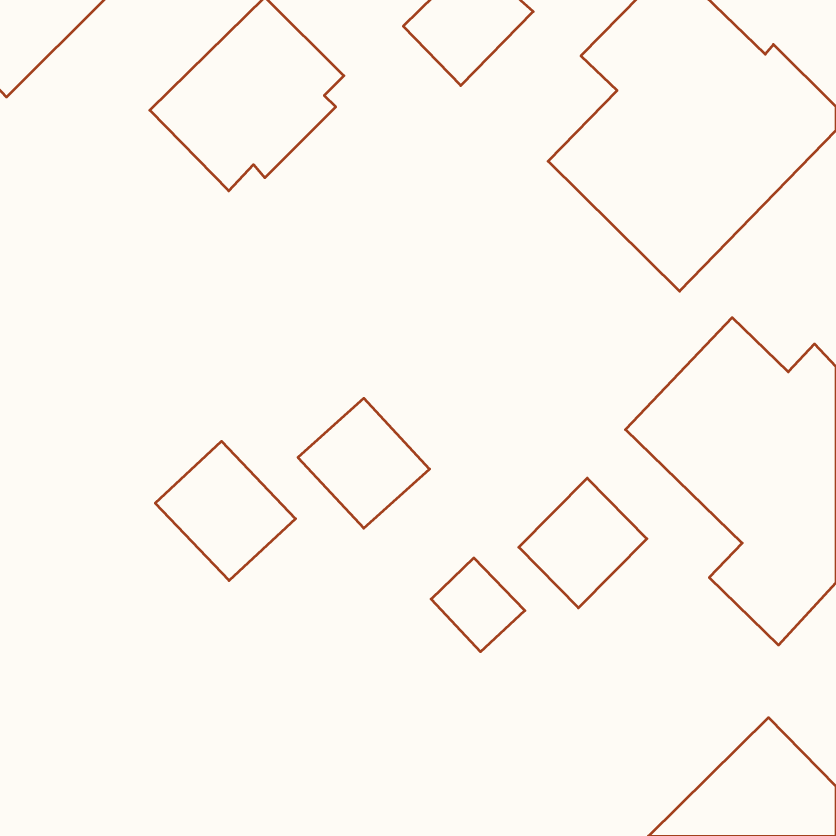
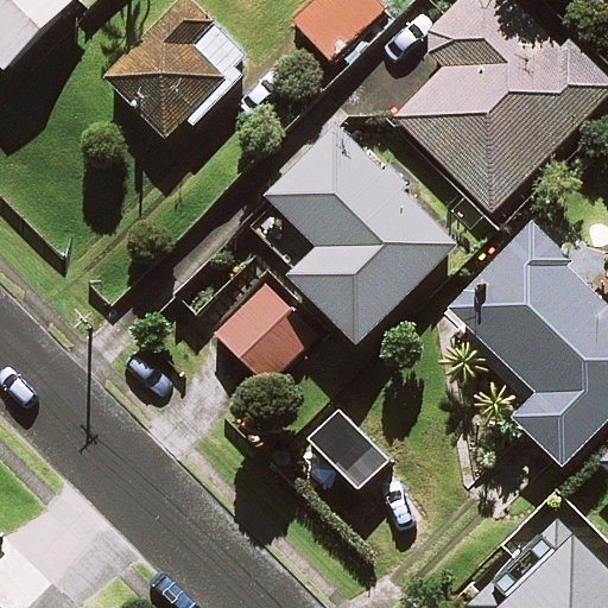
building: none -> [252,128,455,342]
building: [155,441,296,581] -> none
building: [519,478,647,608] -> none

